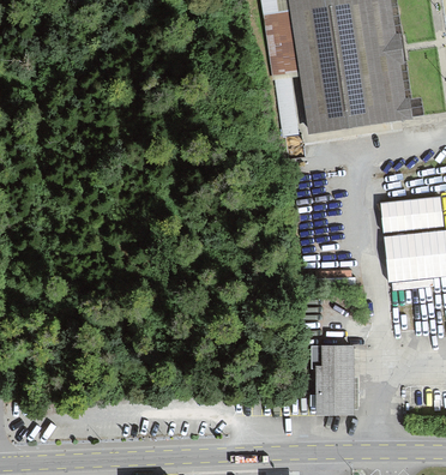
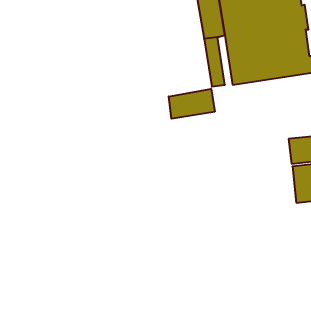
building: none -> [169,89,215,119]
building: [311,347,354,419] -> none

